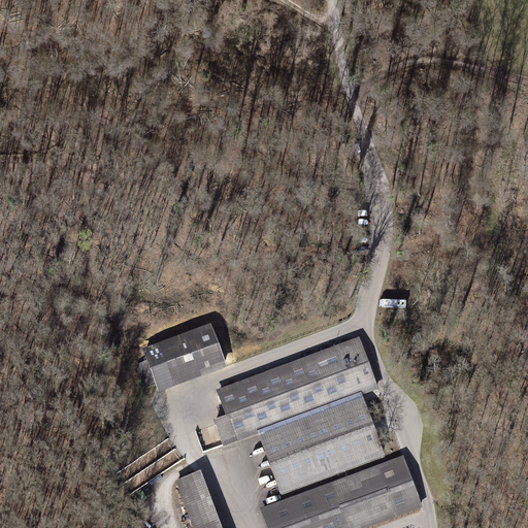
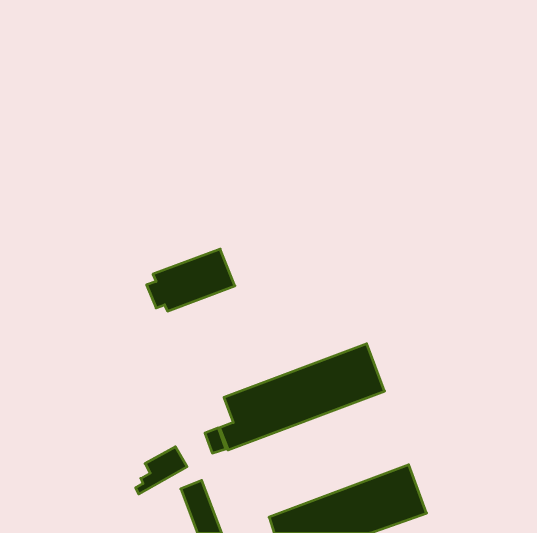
building: [138,326,225,387] -> [147,249,235,311]
building: [262,399,383,489] -> none

